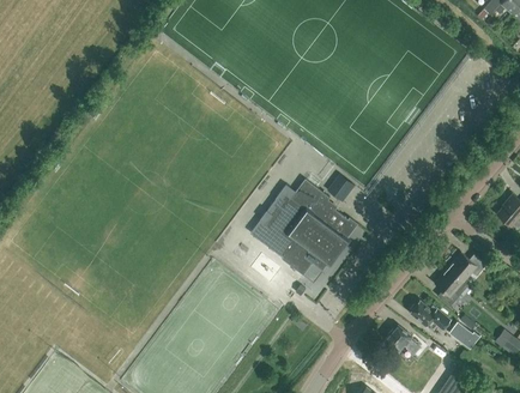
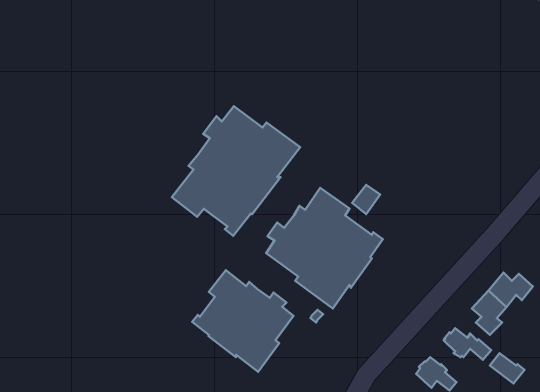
building: none -> [172,106,300,236]
building: none -> [192,270,294,372]

